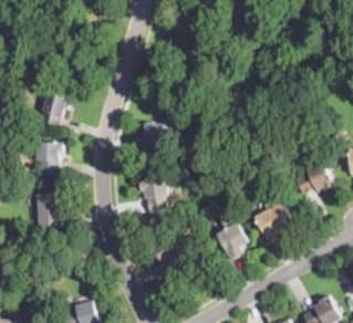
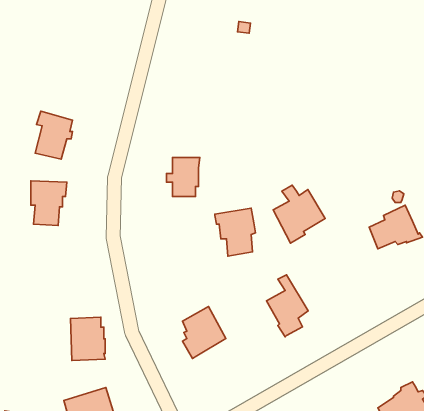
building: [137,176,168,212] -> [215,208,255,256]
building: [35,188,62,221] -> [71,317,105,361]
building: [255,197,294,241] -> [273,185,325,243]

